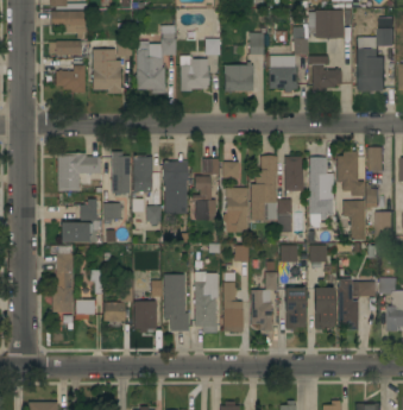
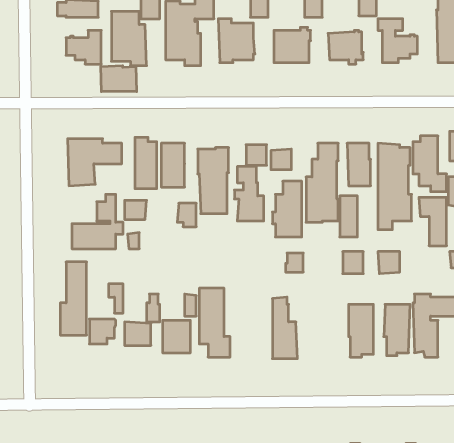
building: none -> [101,66,137,92]
building: [195,272,218,333] -> none
building: [251,272,277,332] -> none

